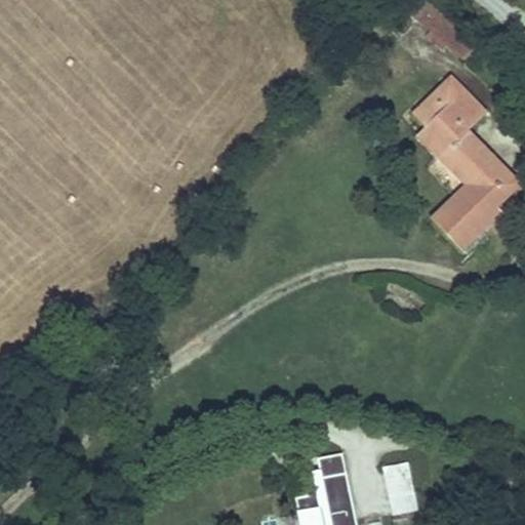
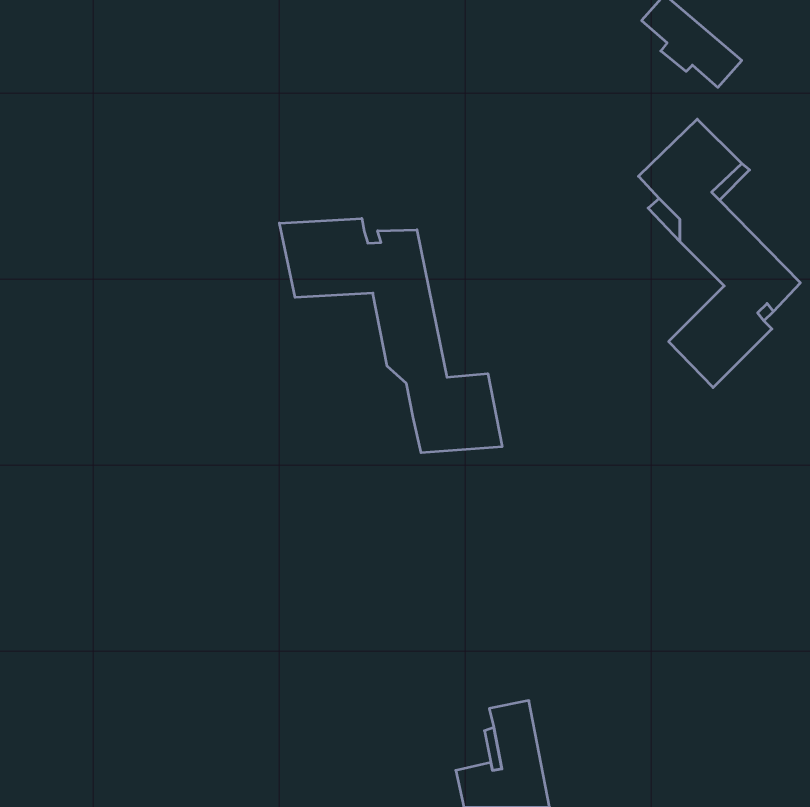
building: none -> [279,218,502,453]
building: [382,460,419,512] -> none

